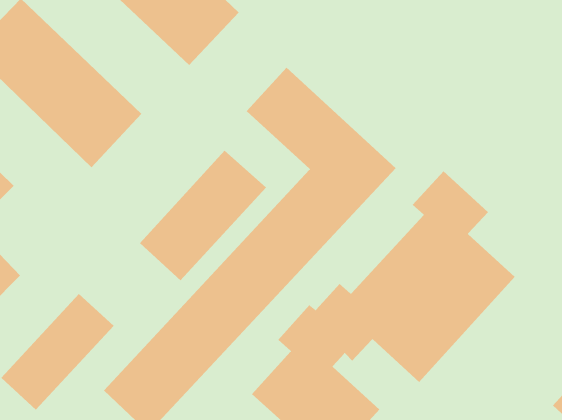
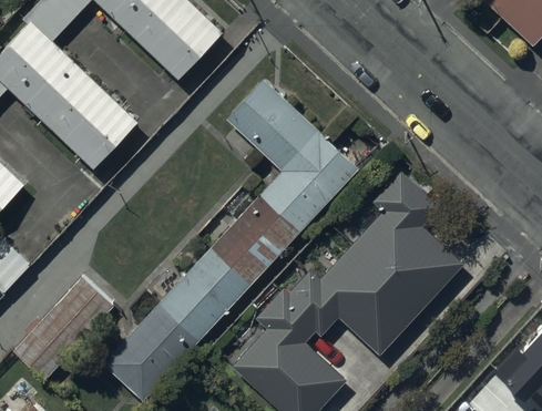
building: [139,150,267,281] -> none

